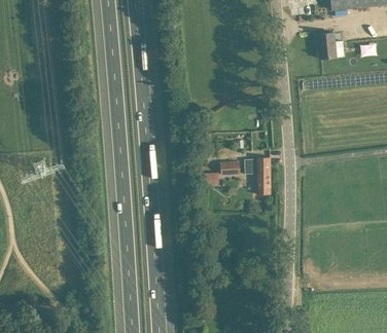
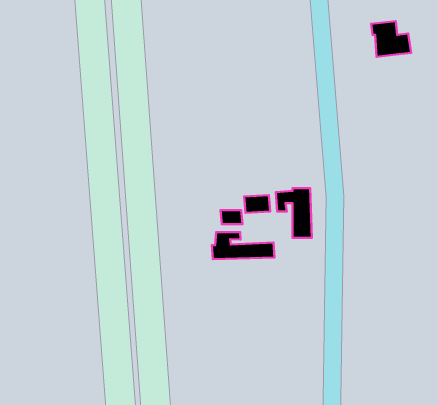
building: none -> [212,232,274,259]

